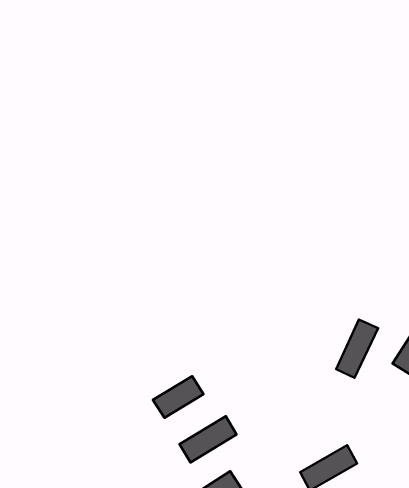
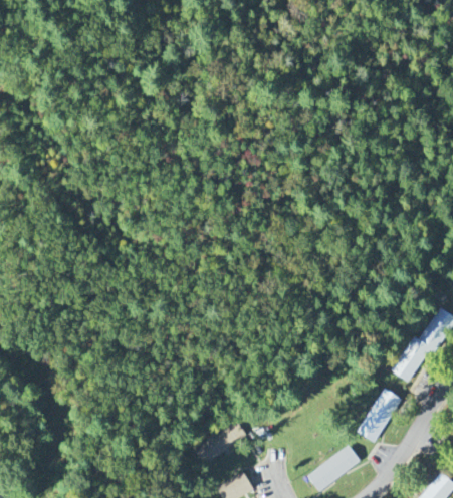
building: [336,320,378,378] -> [359,389,398,443]
building: [153,376,204,418] -> none

